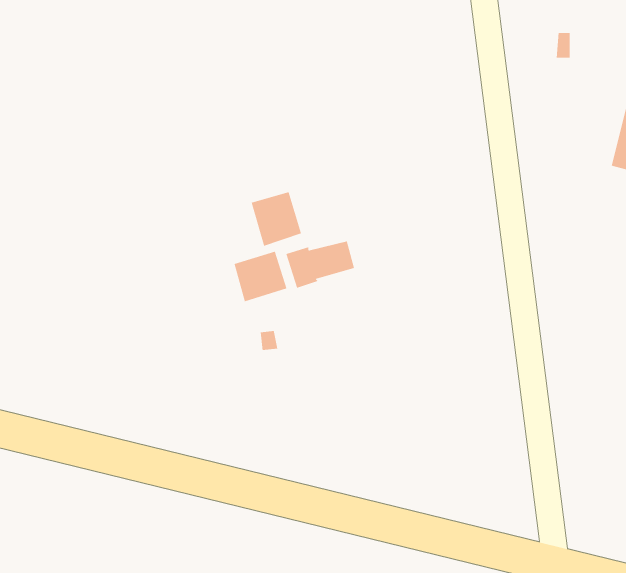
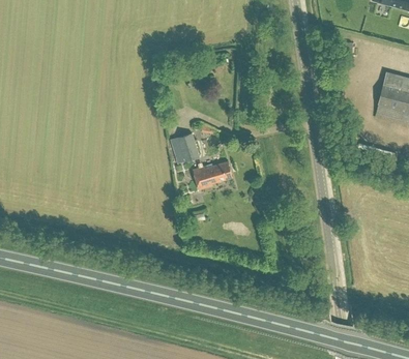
building: [234,251,287,302] -> none

